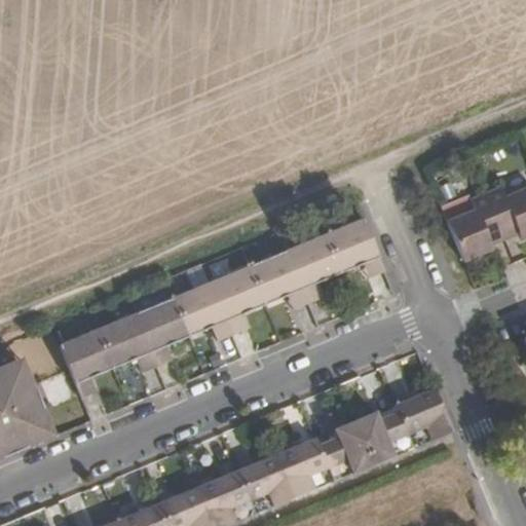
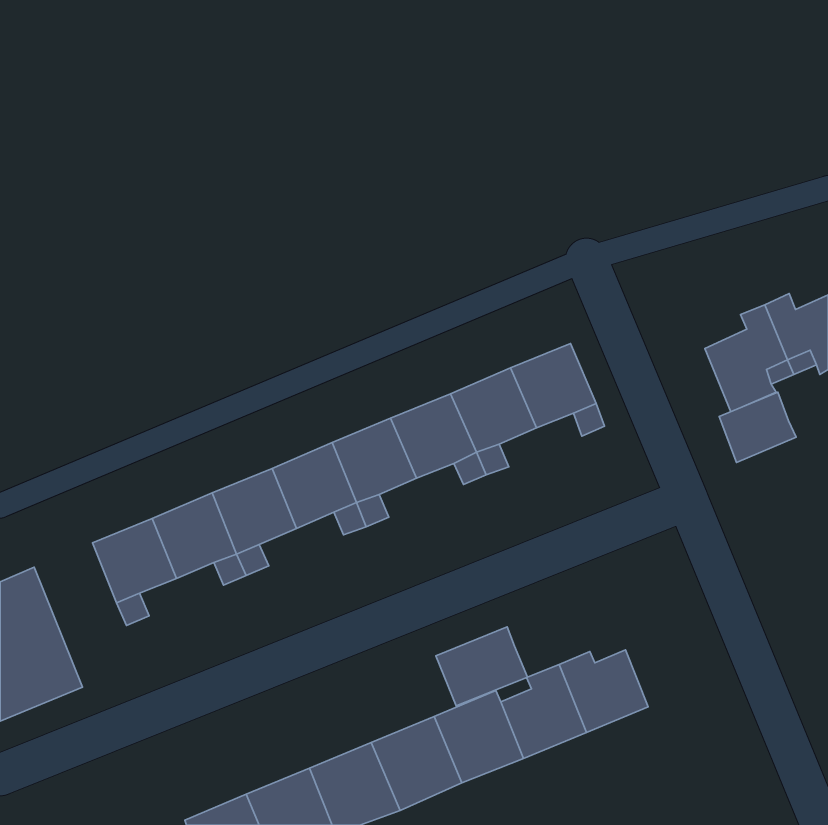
building: none -> [719,392,796,462]
building: [393,388,451,448] -> none
building: none -> [436,627,528,706]

